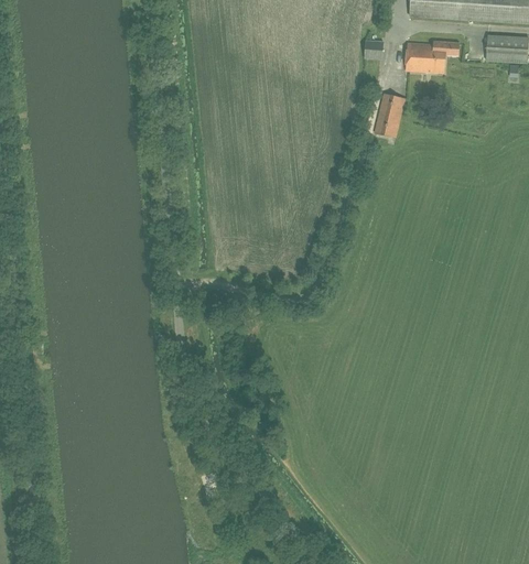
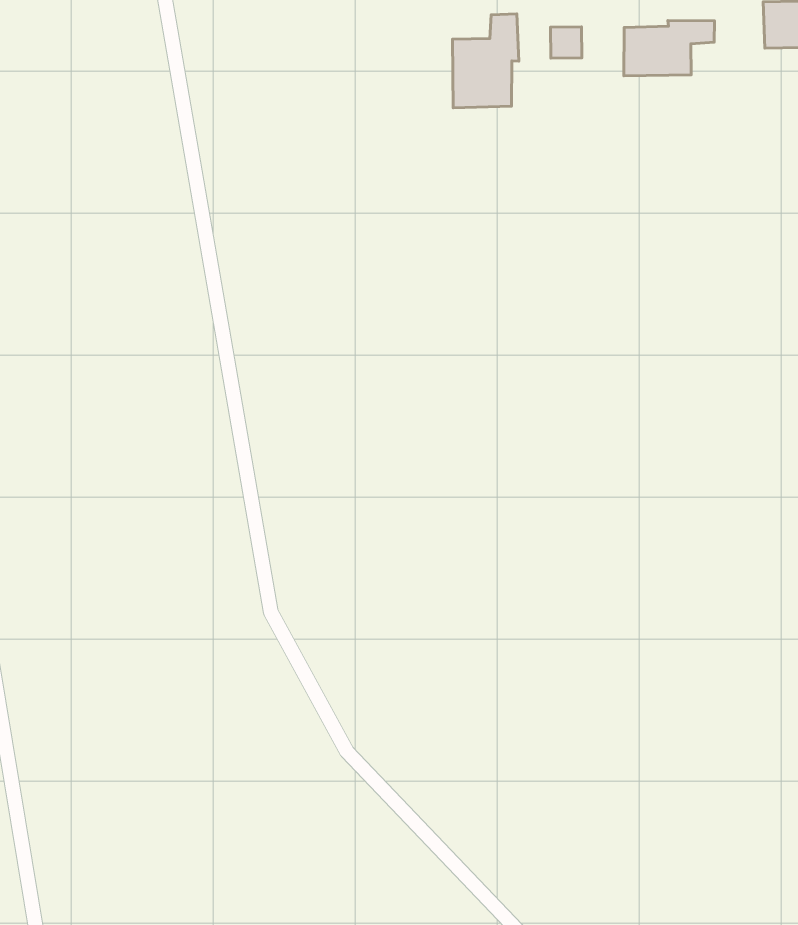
building: none -> [452,14,519,108]
building: [375,91,404,135] -> none

